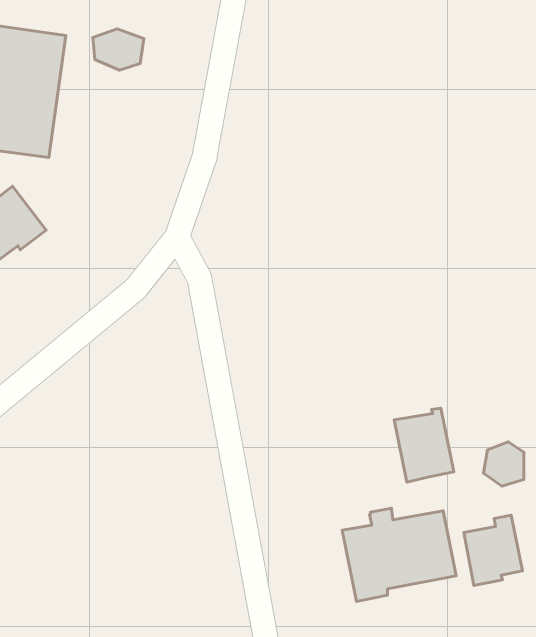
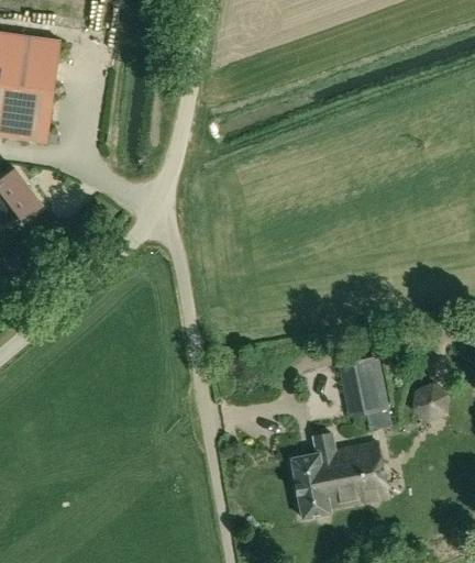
building: [93,29,144,70] -> none
building: [464,515,522,585] -> none

